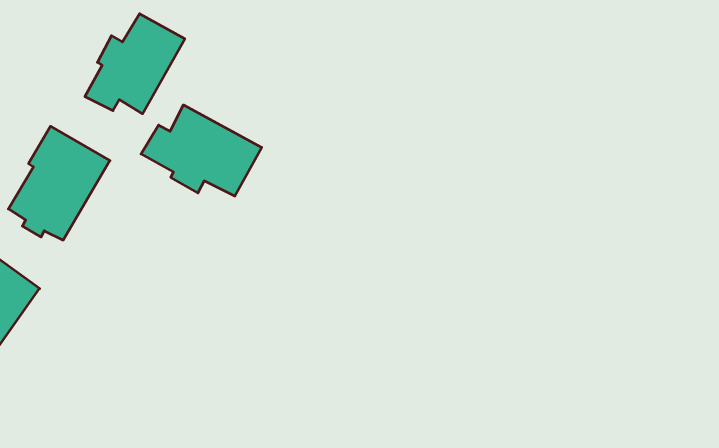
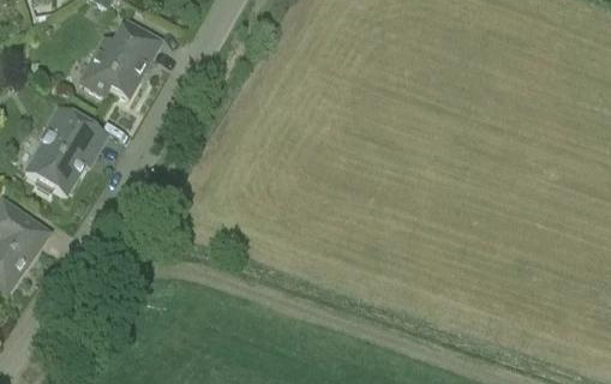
building: [141,105,262,196] -> none

